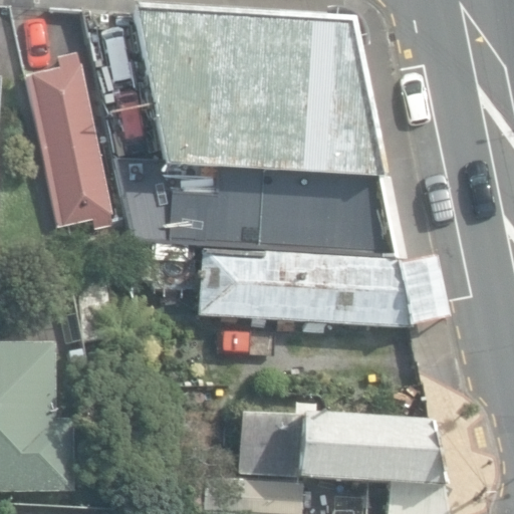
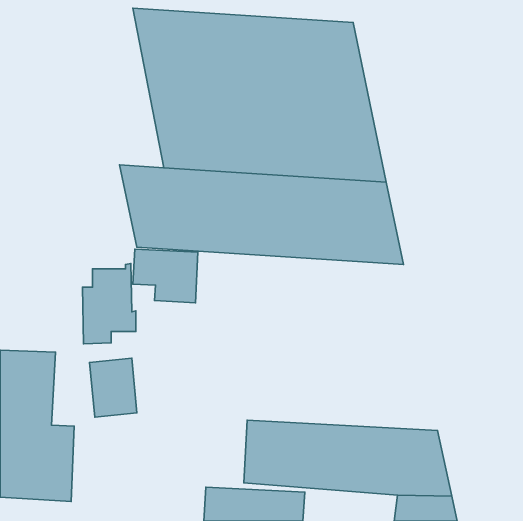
building: [23,49,113,226] -> none
building: [199,245,449,322] -> none

